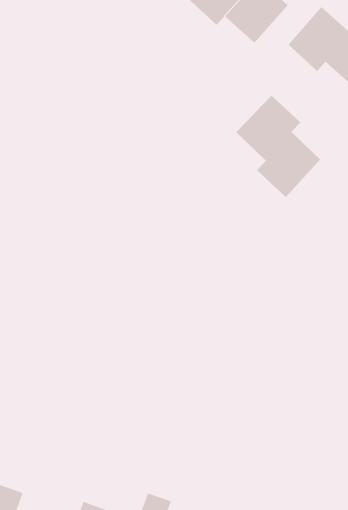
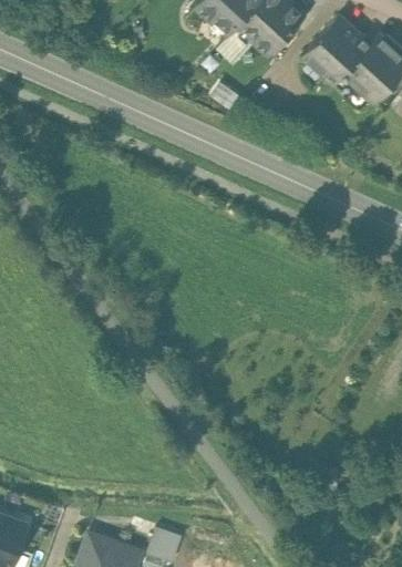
building: [235,95,321,198] -> none

